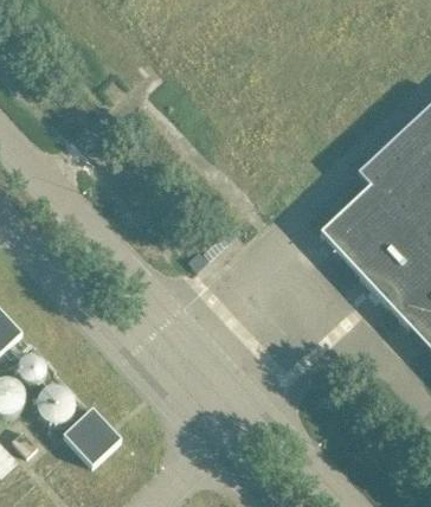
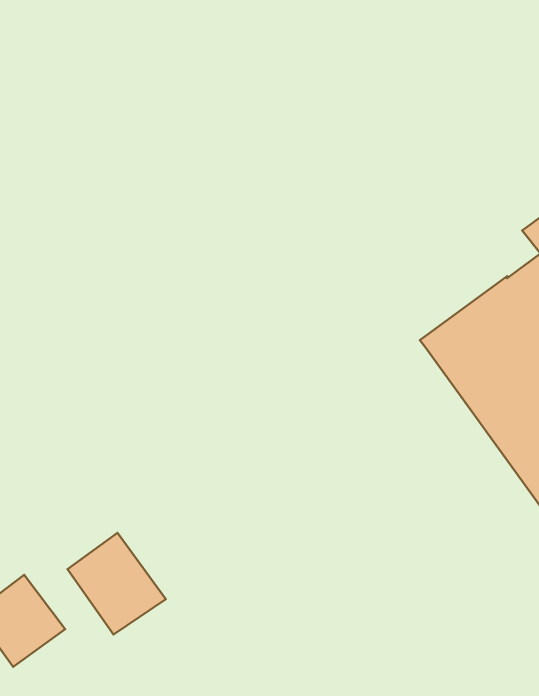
building: none -> [67,533,166,635]

